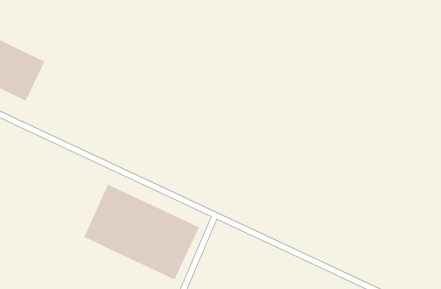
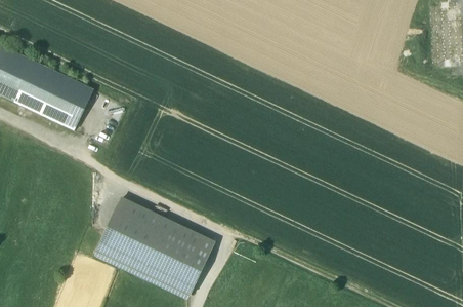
building: none -> [37,72,93,130]

